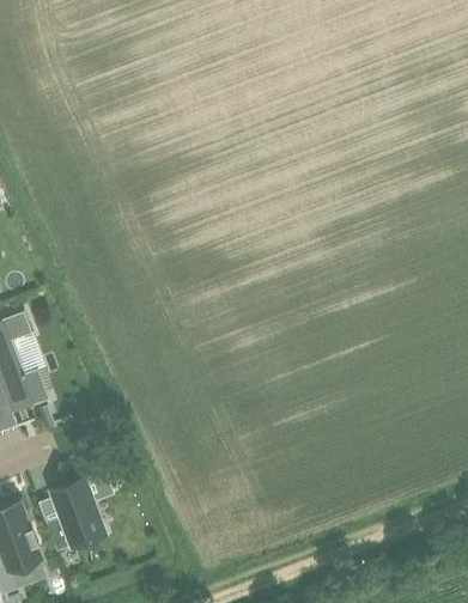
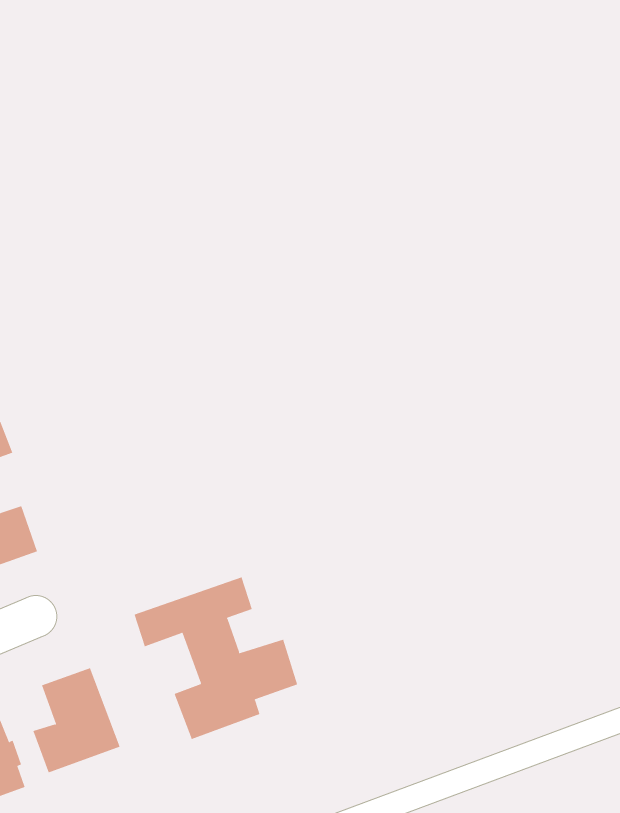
building: none -> [134,577,298,740]

